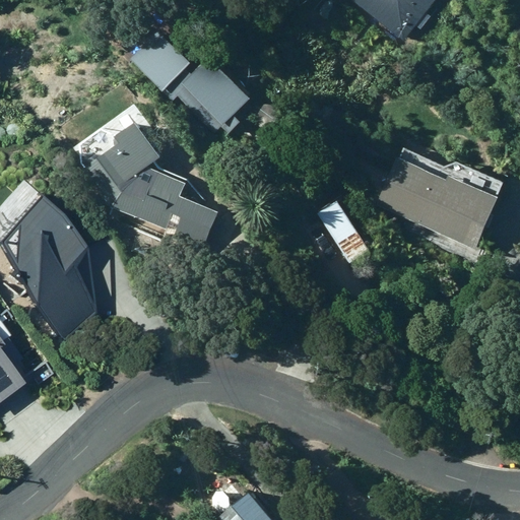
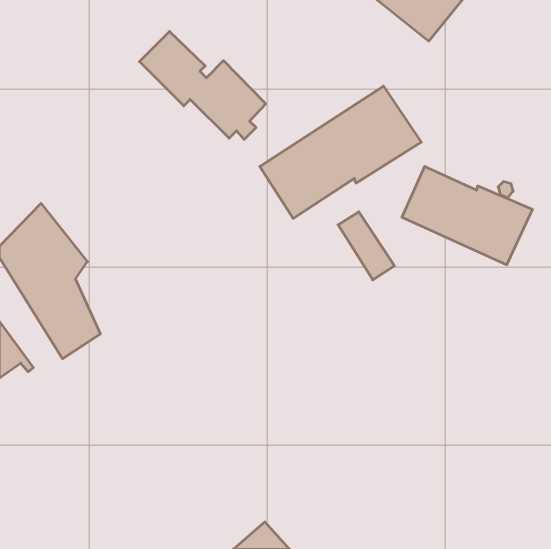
building: none -> [260,86,421,218]
building: [79,123,220,252] -> none

